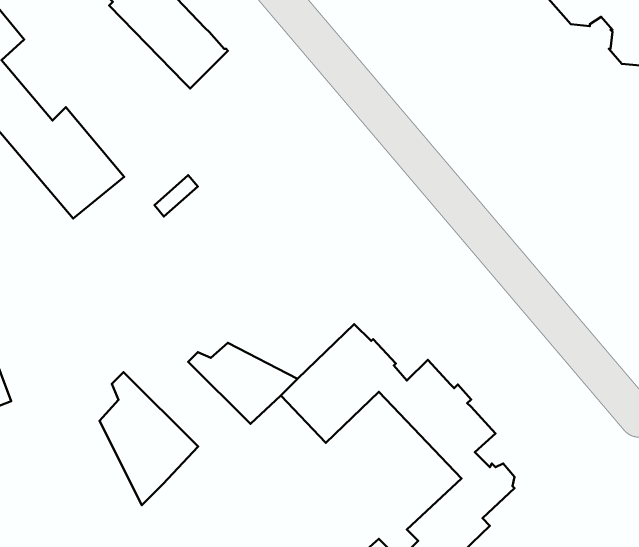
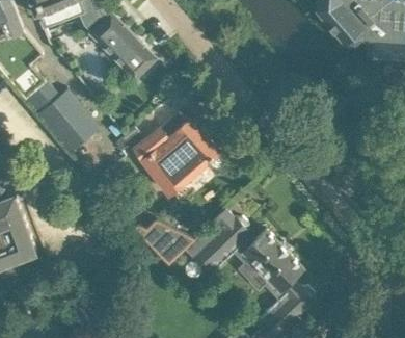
building: none -> [134,122,218,196]
building: [100,372,198,505] -> none

